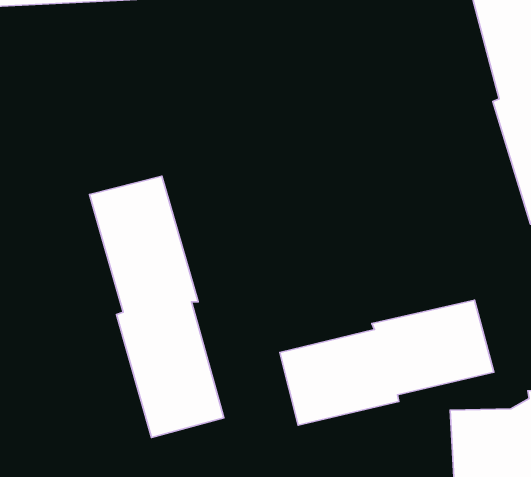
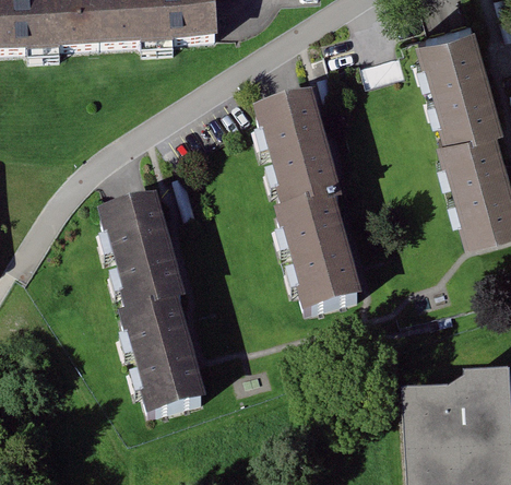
building: none -> [251,88,364,308]
building: [280,300,494,425] -> none

